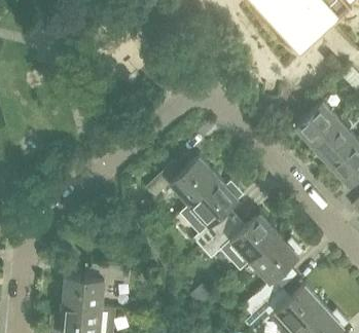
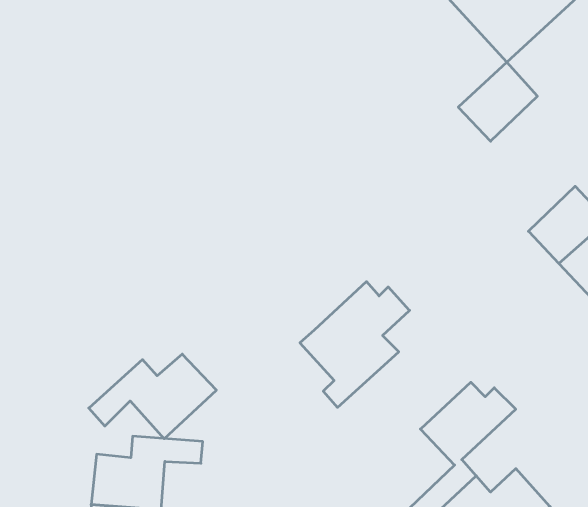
building: [292,104,337,149] -> [458,62,537,141]
building: [145,157,218,206] -> [89,354,216,439]
building: [202,215,278,270] -> none

